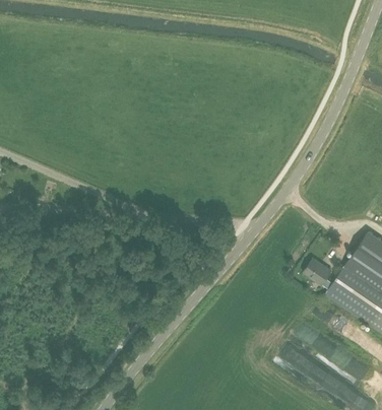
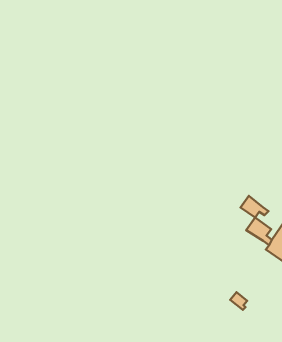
building: none -> [240,196,269,218]

